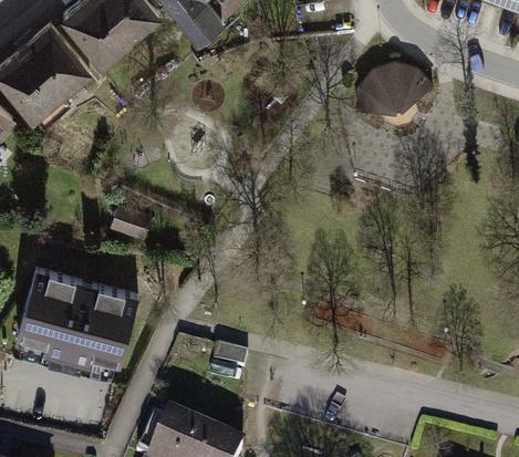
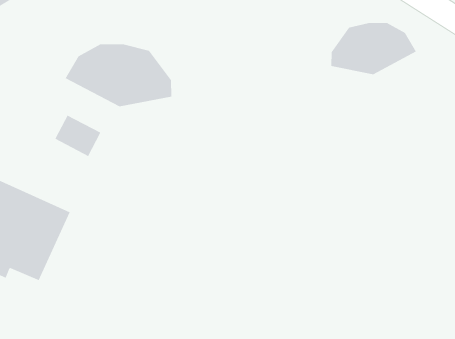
building: none -> [65,44,172,107]

